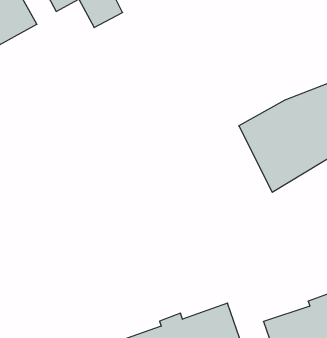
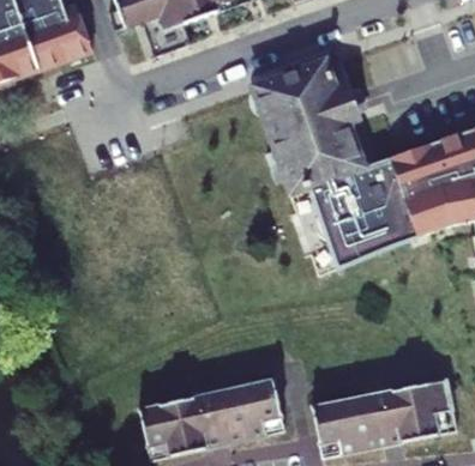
building: none -> [252,58,368,189]

